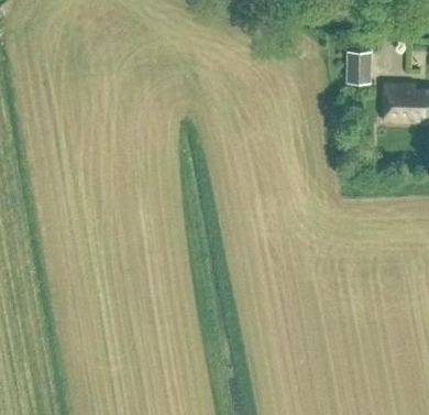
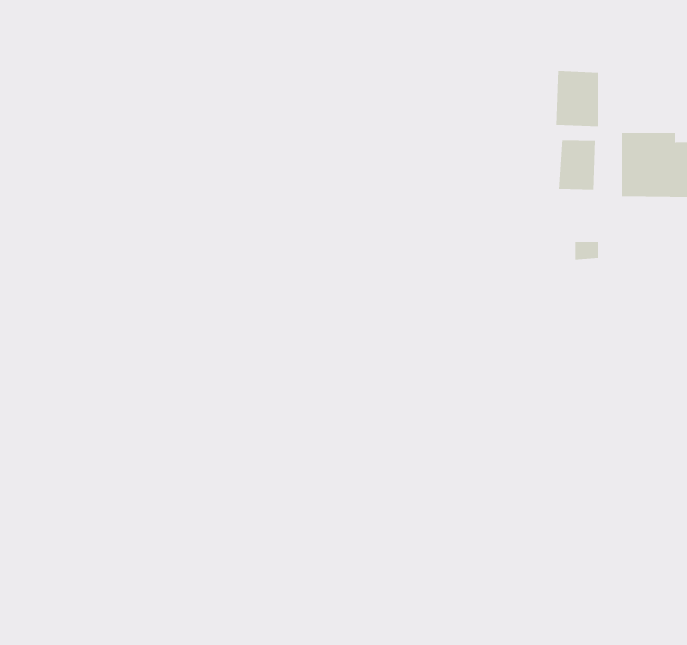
building: none -> [558,139,595,190]

